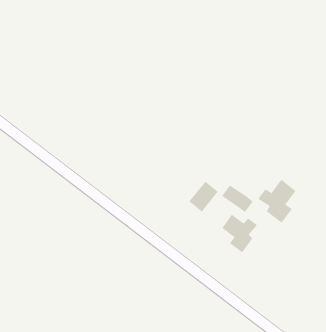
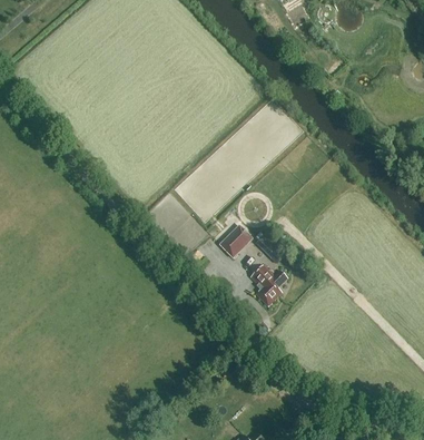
building: [257,179,296,223] -> none

